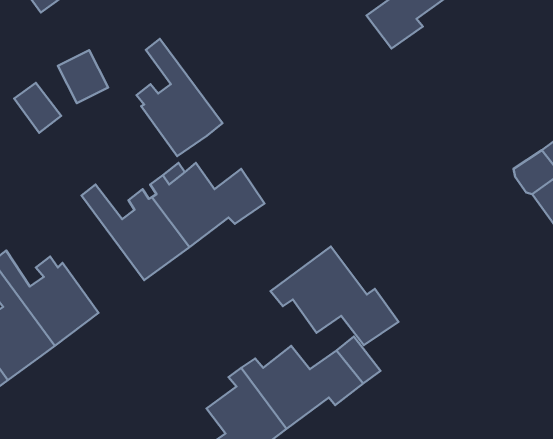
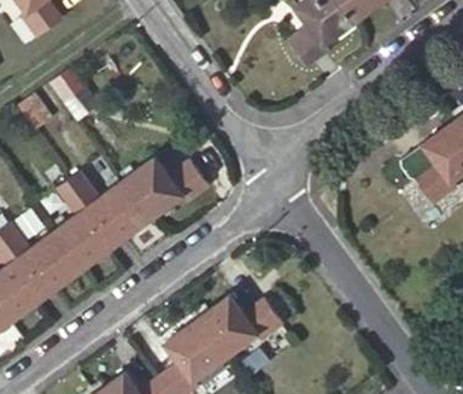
building: [136,39,222,156] -> [49,181,116,271]
building: [270,246,399,345] -> none

